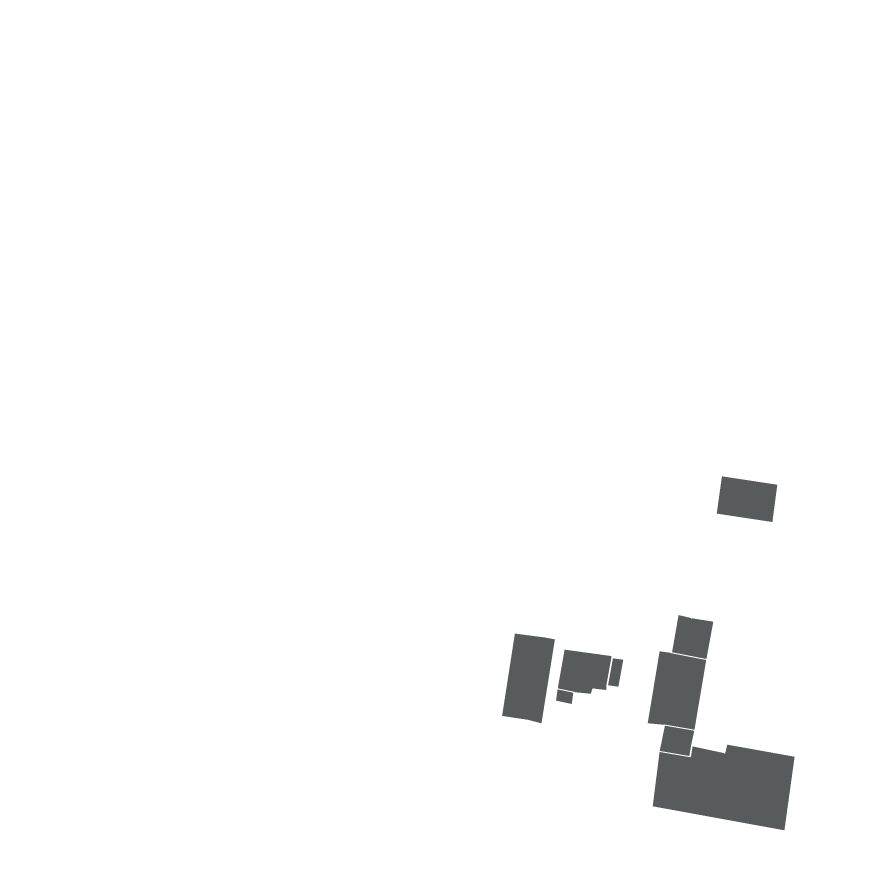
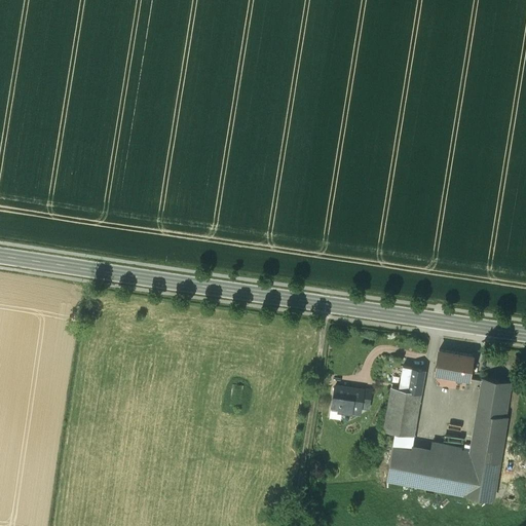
building: [716,476,778,522] -> [437,351,474,379]
building: [501,633,555,724] -> none
building: none -> [467,380,509,500]

